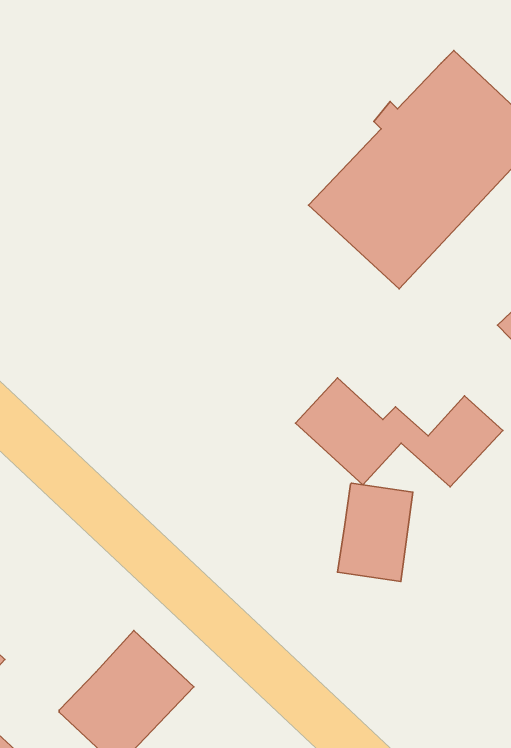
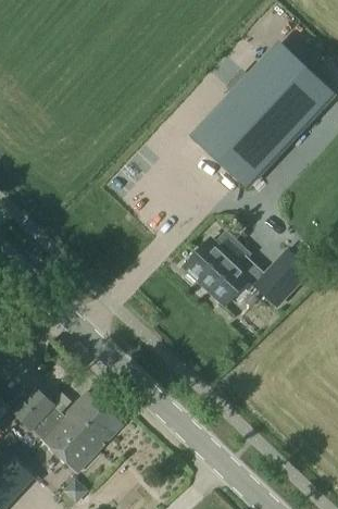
building: [338,483,413,581] -> none
building: none -> [15,388,66,438]

